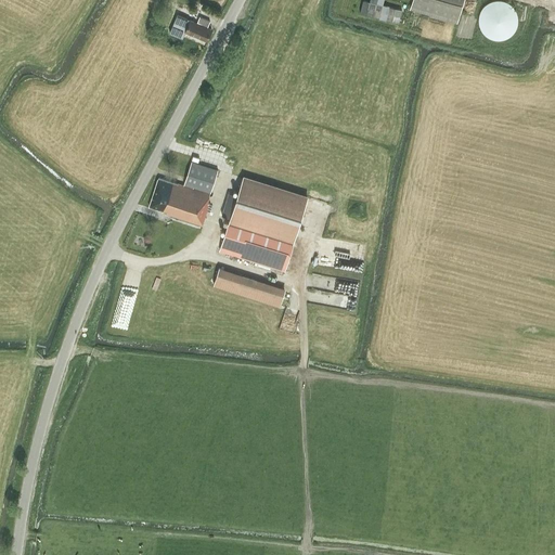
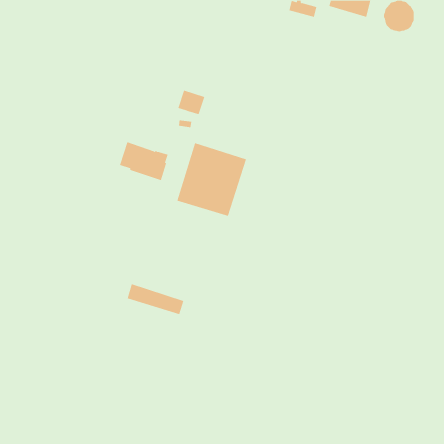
building: [176,16,211,41] -> none
building: [183,162,218,193] -> [177,90,205,115]
building: [214,267,285,306] -> [127,284,184,315]

